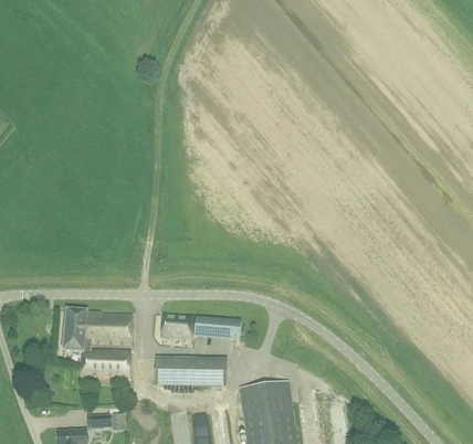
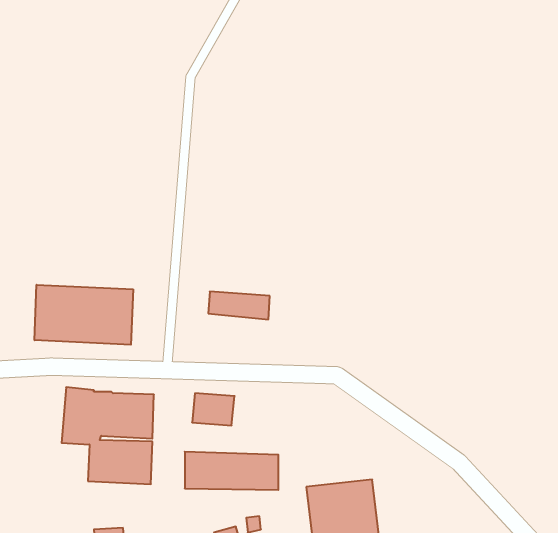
building: none -> [35,285,133,345]
building: [190,318,236,339] -> [208,292,270,319]

